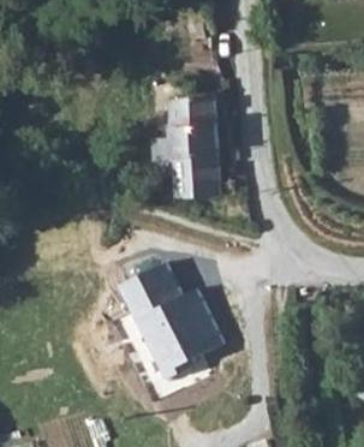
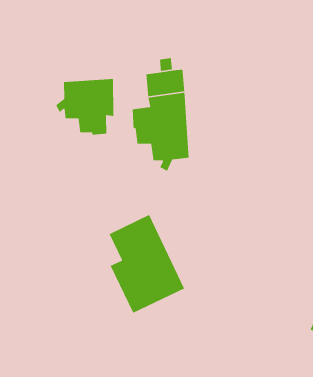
building: none -> [55,78,114,135]

